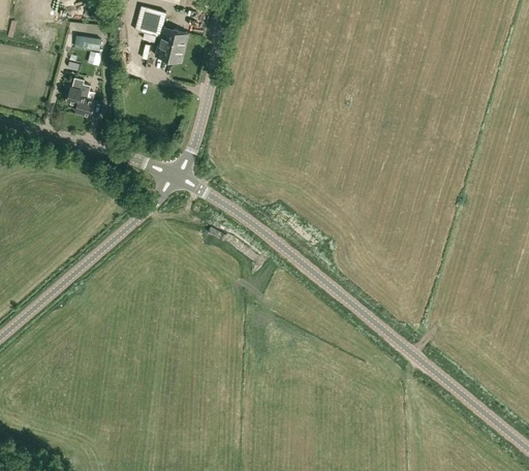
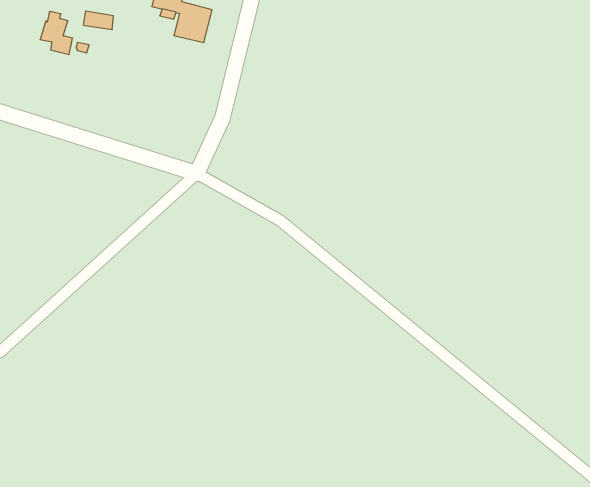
building: [66,76,95,115] -> [40,12,73,55]

